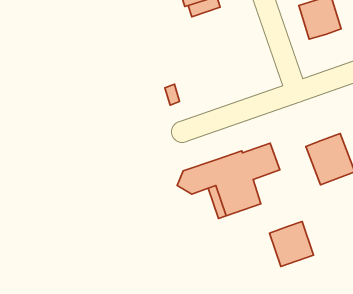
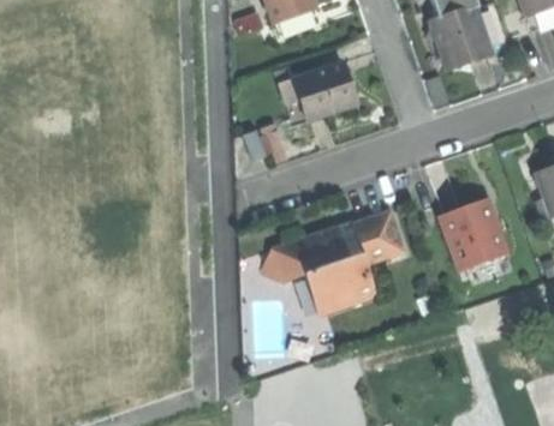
building: none -> [280,64,358,127]
building: [269,222,314,267] -> none

